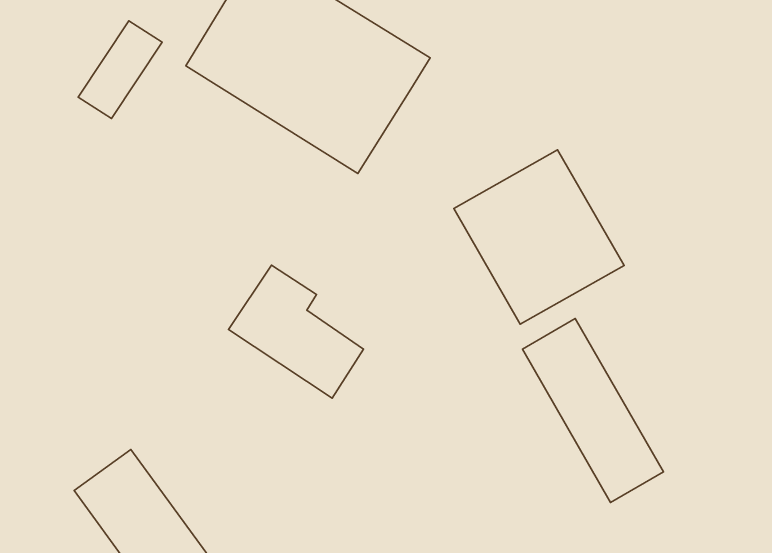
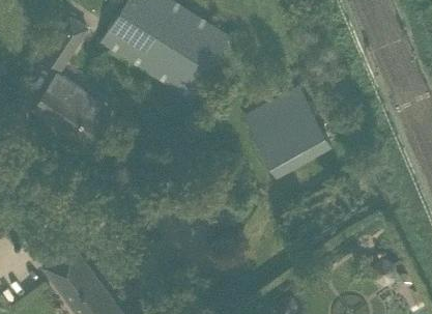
building: [228,265,363,398] -> [34,75,106,145]
building: [522,319,664,503] -> none

